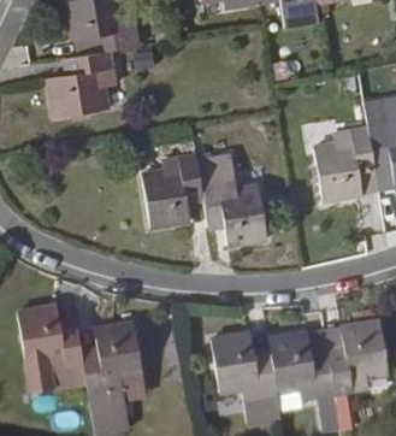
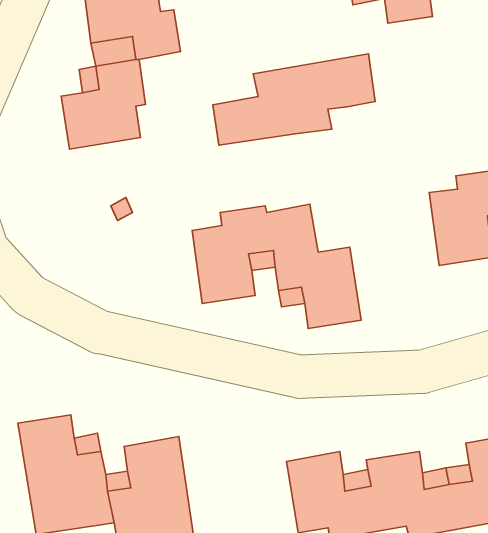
building: none -> [213,54,375,145]

